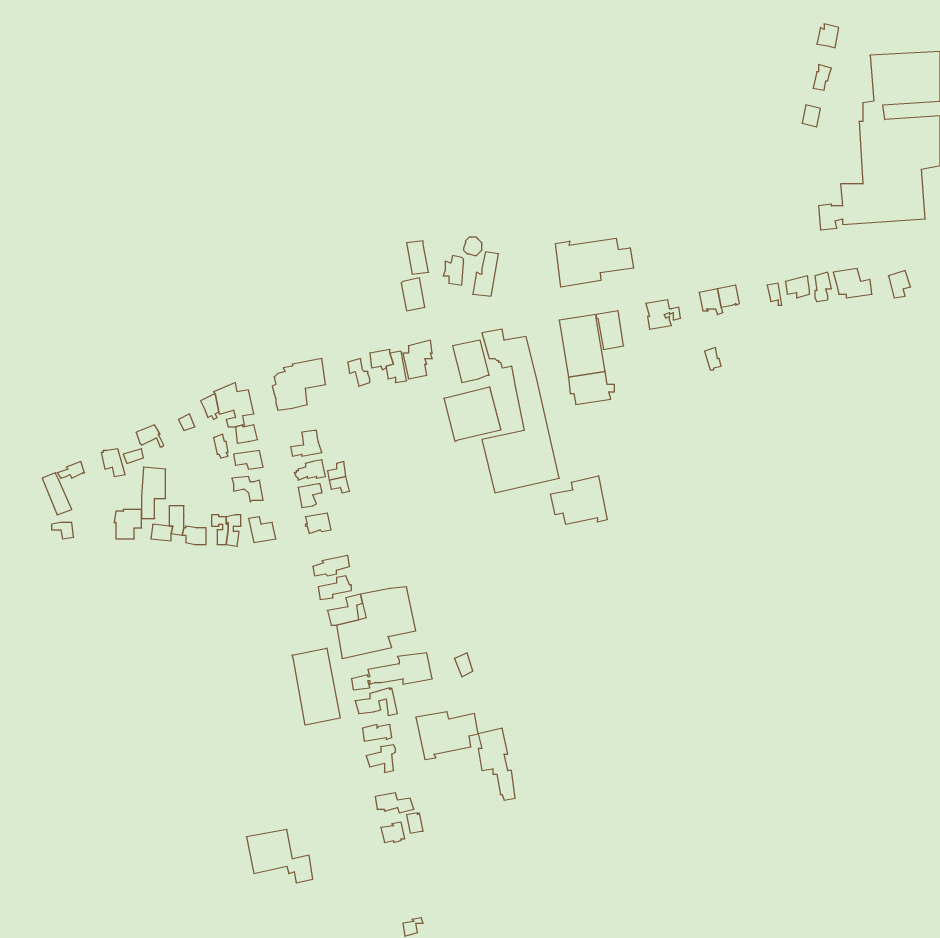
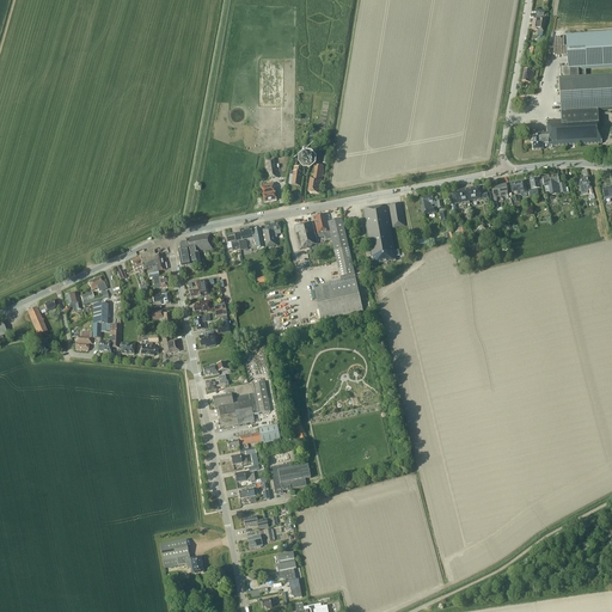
building: [556,238,633,287] -> none
building: [444,387,501,441] -> none
building: [551,476,607,524] -> none
building: [292,648,340,725] -> none
building: [478,728,515,800] -> [277,551,301,598]

